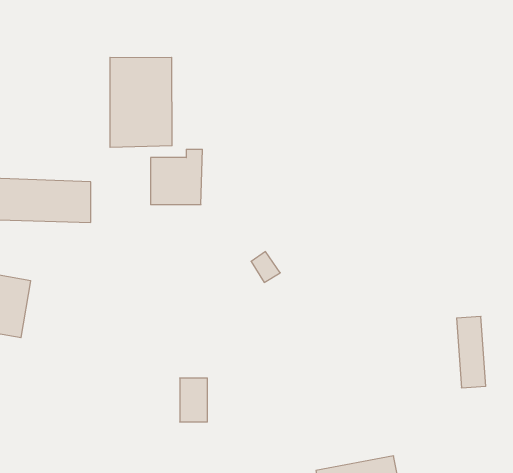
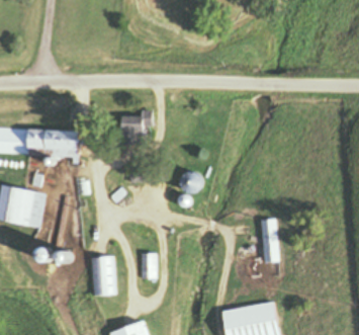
building: [110,57,172,147] -> none
building: [457,316,486,388] -> [260,219,278,263]
building: none -> [89,257,114,297]

